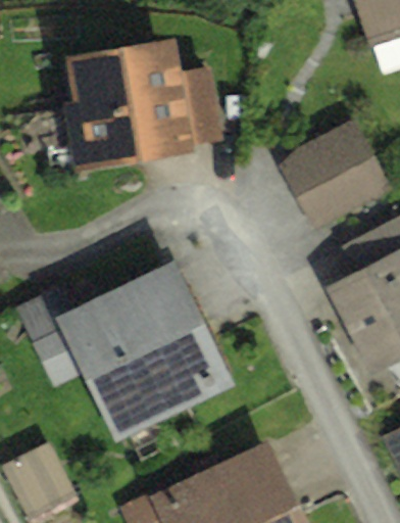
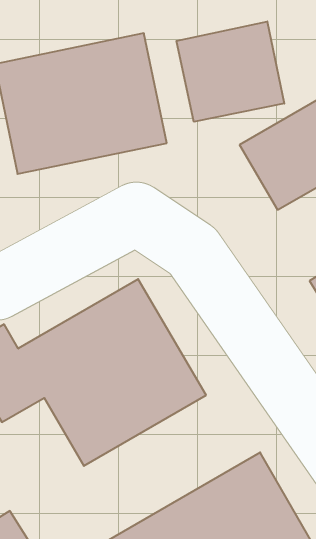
building: none -> [176,21,284,122]

